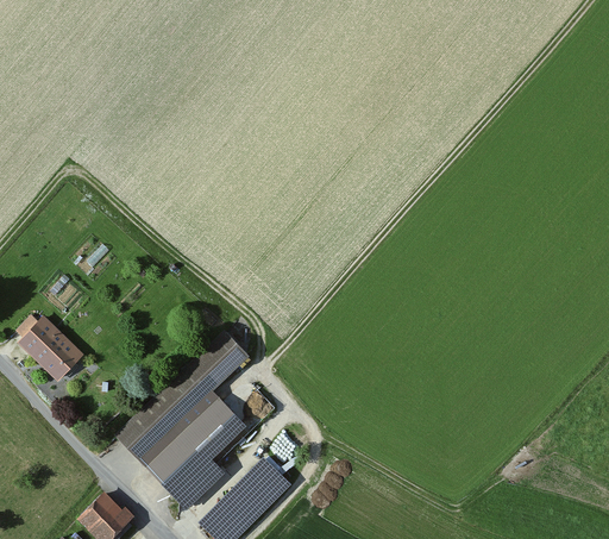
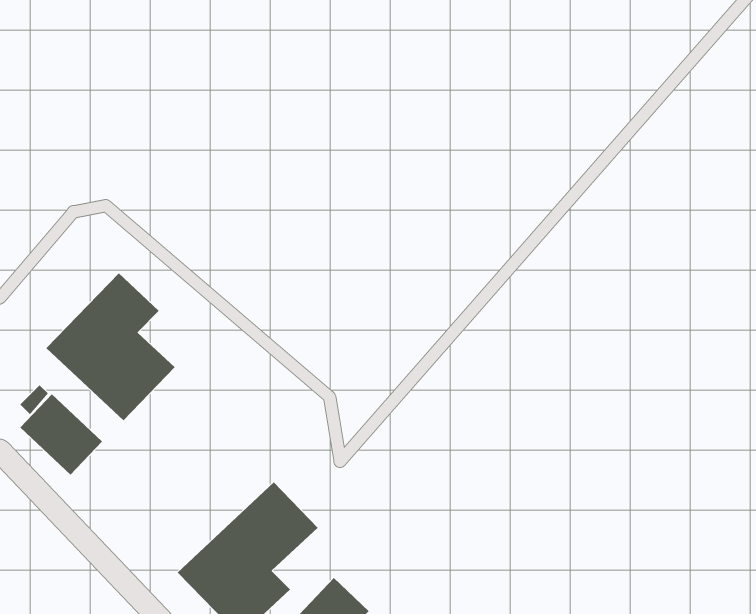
building: none -> [46,272,175,421]
building: [120,333,249,457] -> none

